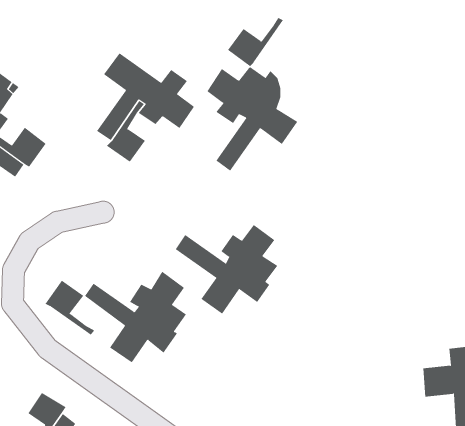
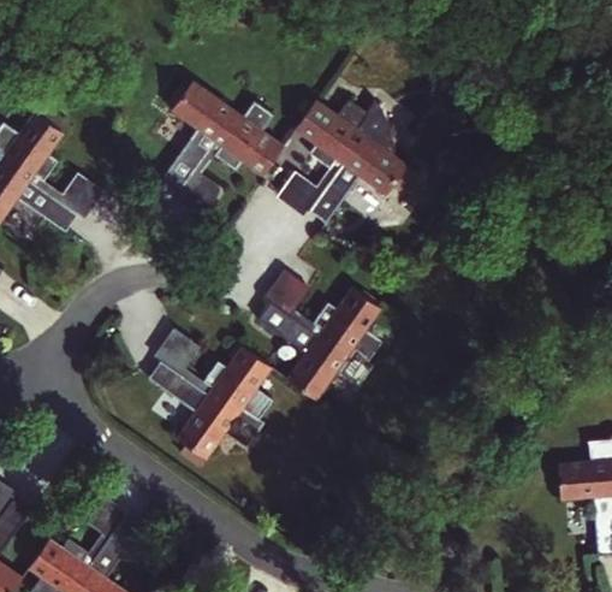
building: [227,17,284,67] -> [275,158,344,218]
building: none -> [265,271,323,337]
building: [44,280,95,336] -> [153,328,214,396]

